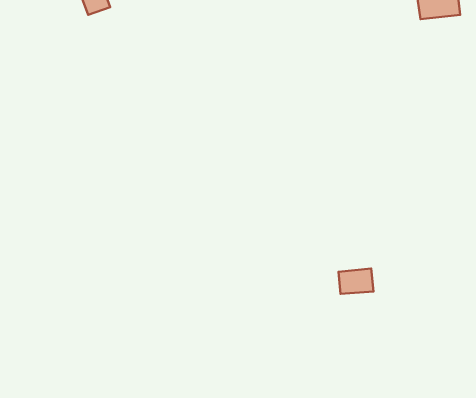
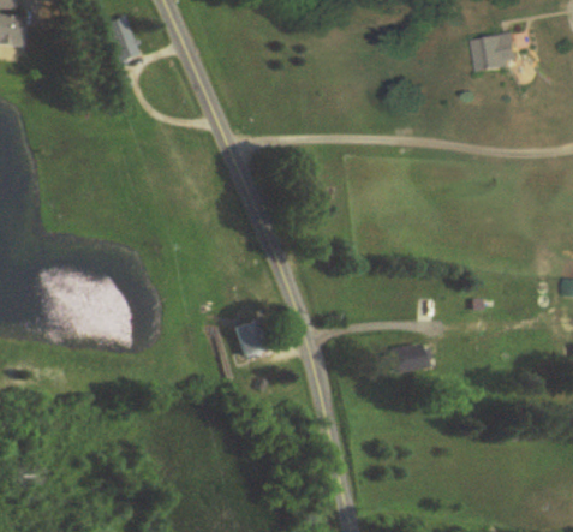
building: none -> [232,316,270,355]

